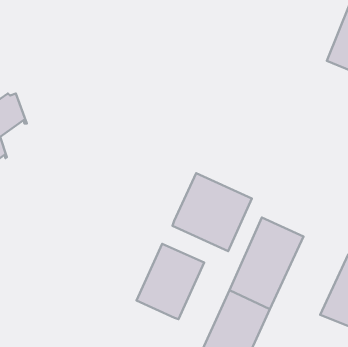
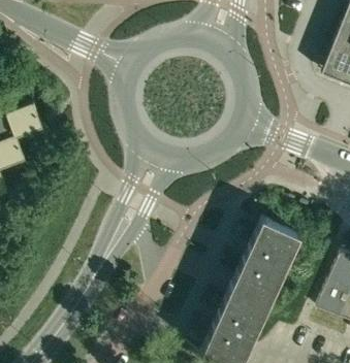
building: [172,173,252,251] -> none
building: [137,244,204,319] -> none

